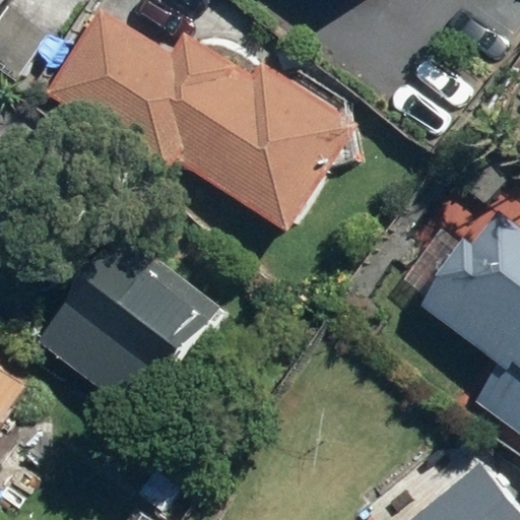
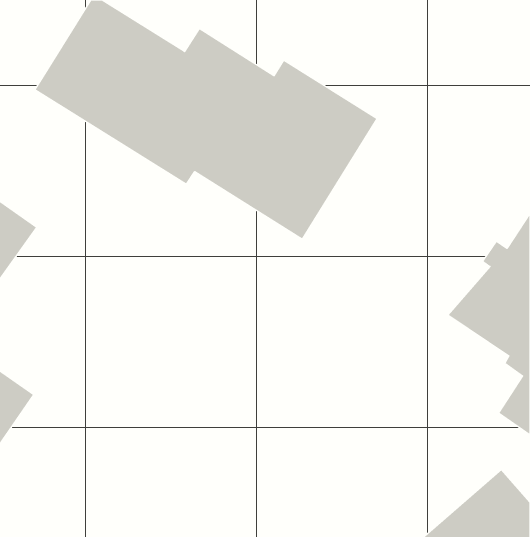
building: [28,232,216,419] -> none

